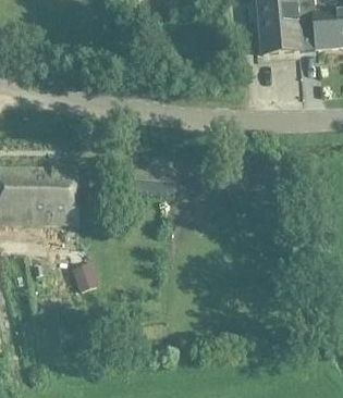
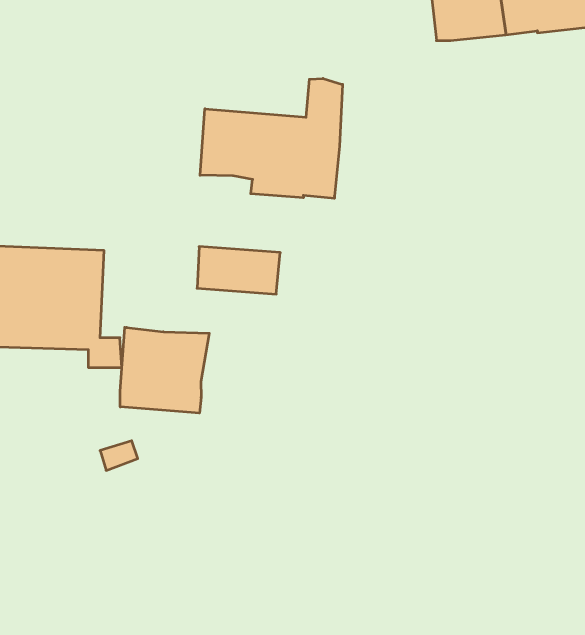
building: none -> [200,78,343,198]
building: none -> [120,327,209,413]

